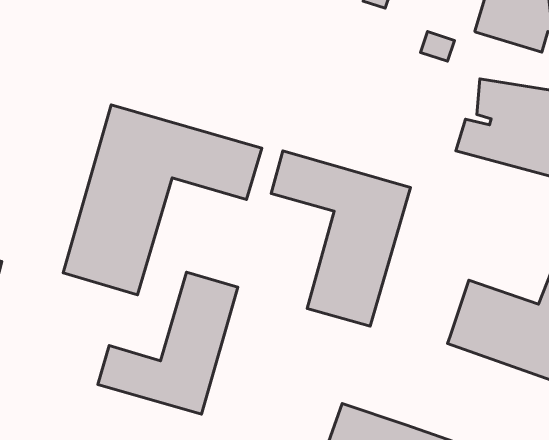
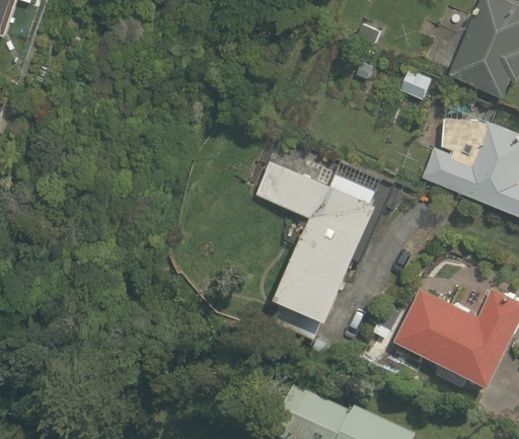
building: [63,105,262,295] -> none
building: [98,272,238,414] -> none

